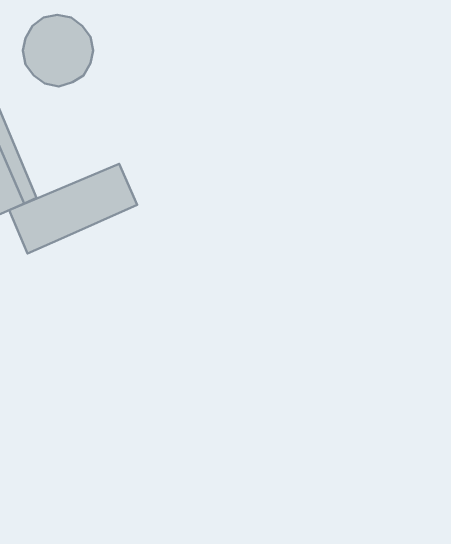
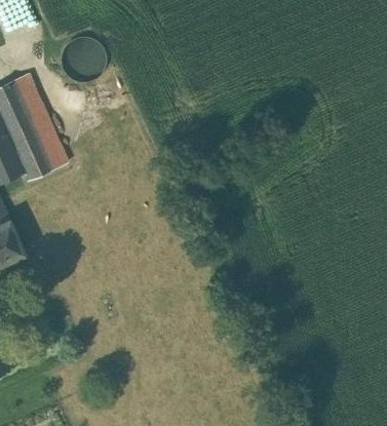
building: [9,164,137,253] -> none

